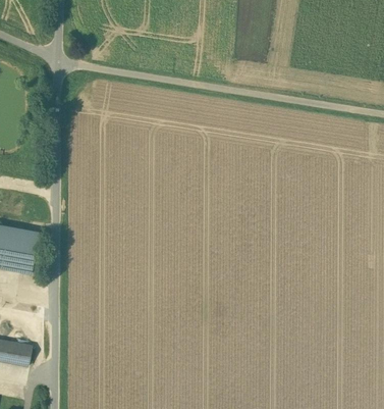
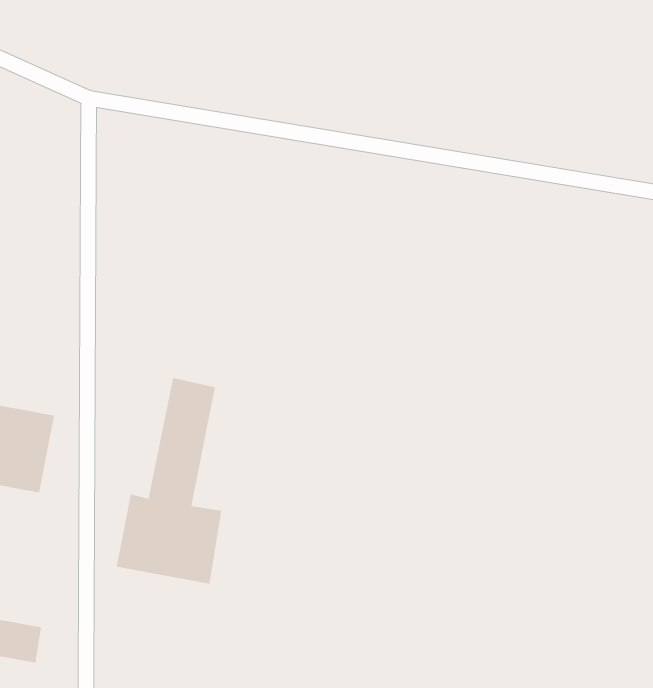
building: none -> [116,377,222,585]

